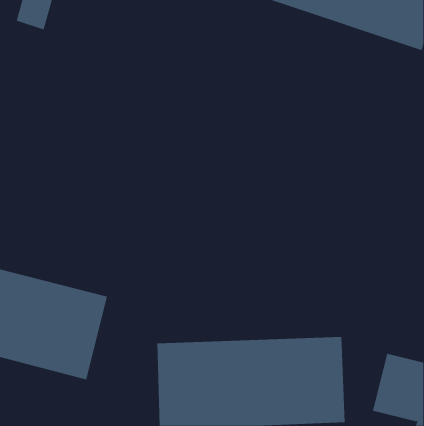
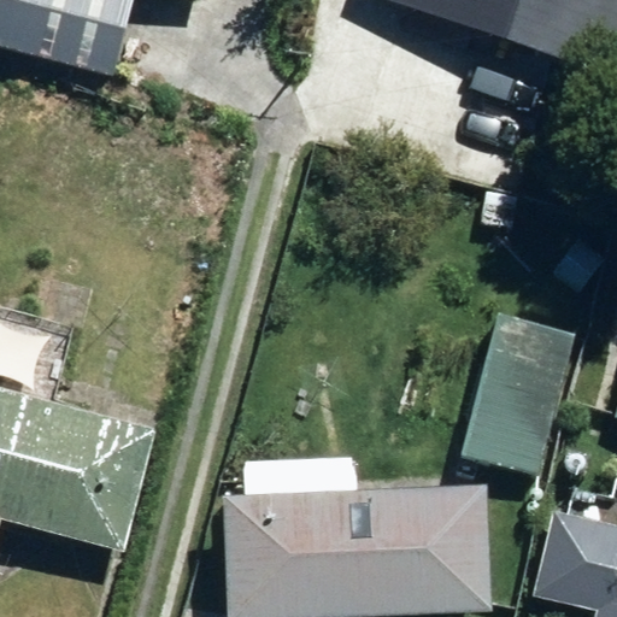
building: none -> [454,315,572,477]

